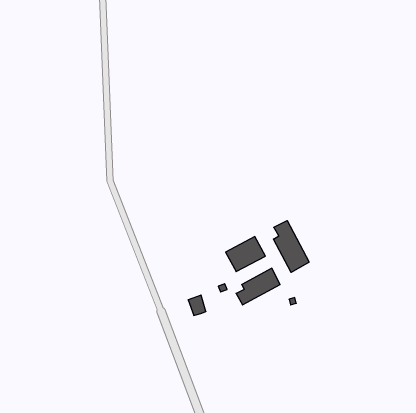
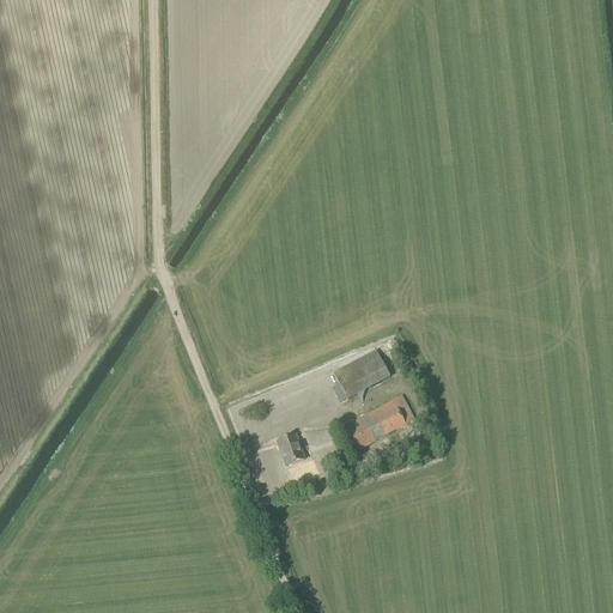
building: [273,221,309,272] -> none

